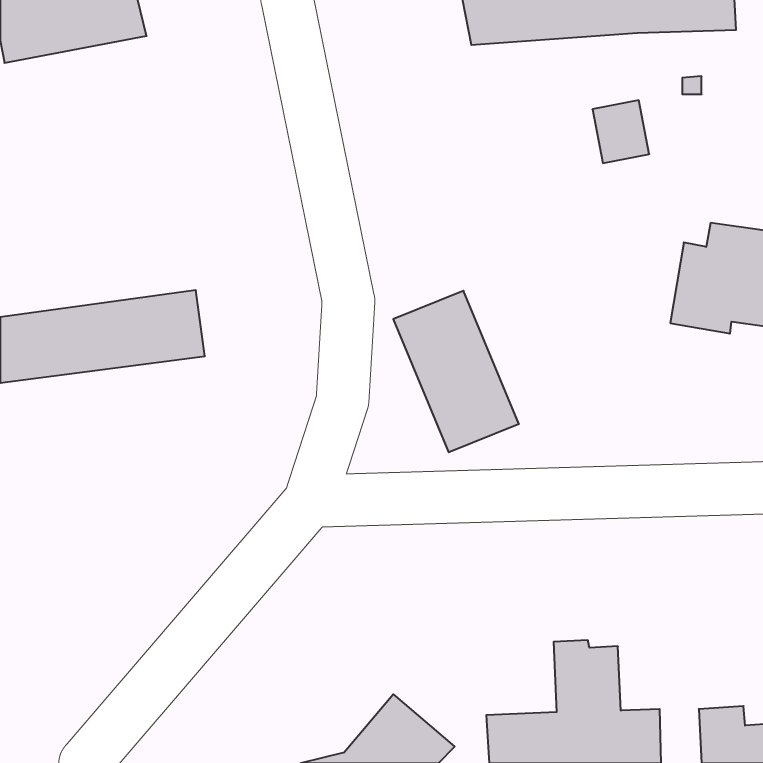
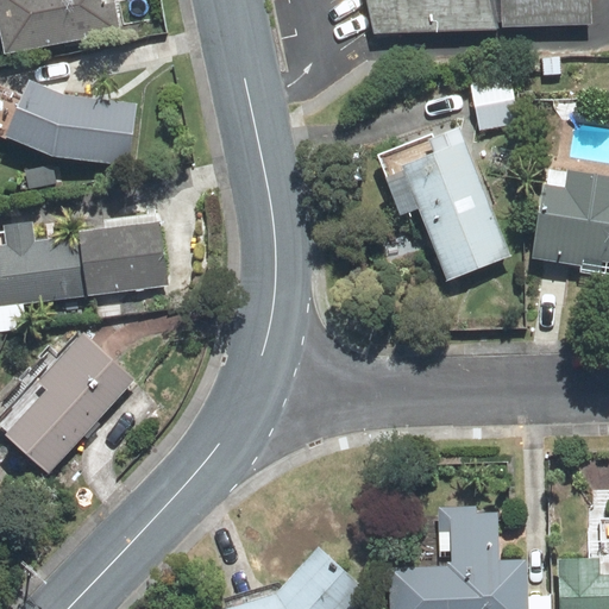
building: none -> [12,90,131,162]
building: [393,291,519,452] -> [403,149,503,277]
building: none -> [12,344,127,470]

